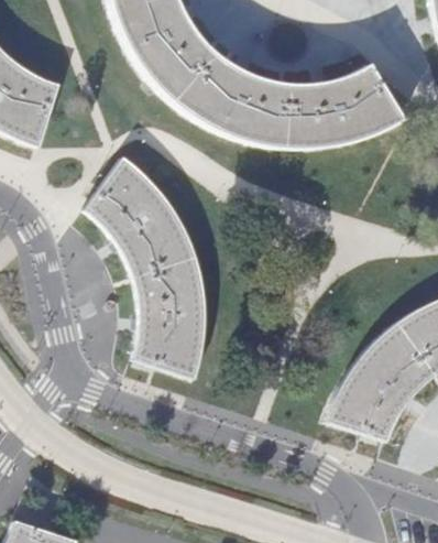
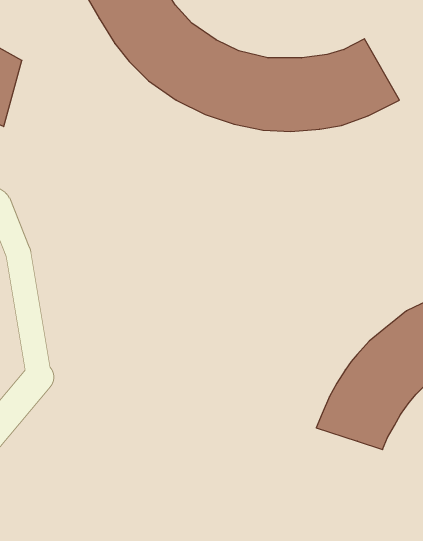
building: [86,156,206,380] -> none

